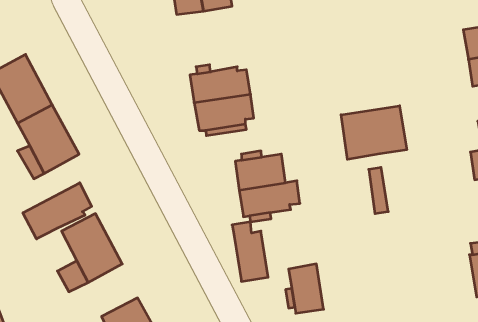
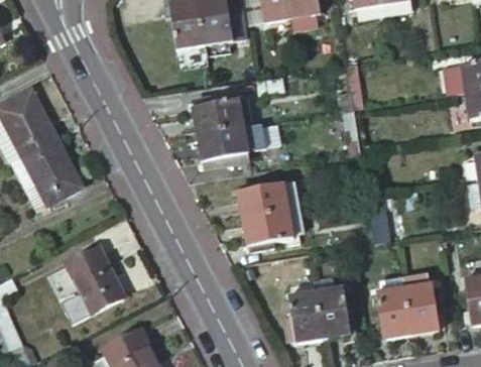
building: [341,106,407,159] -> none
building: [23,183,92,239] -> none
building: [232,222,268,281] -> [314,278,349,337]
building: none -> [376,273,439,338]

